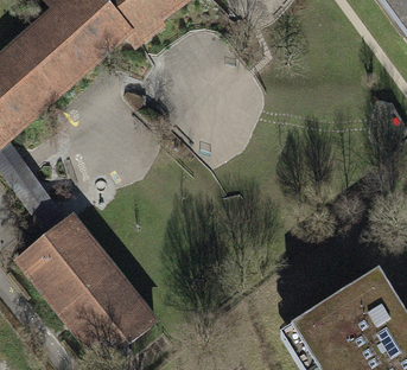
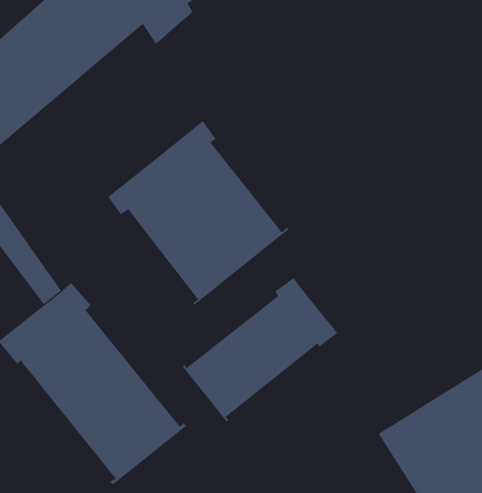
building: none -> [108,120,289,306]
building: none -> [182,277,338,422]

